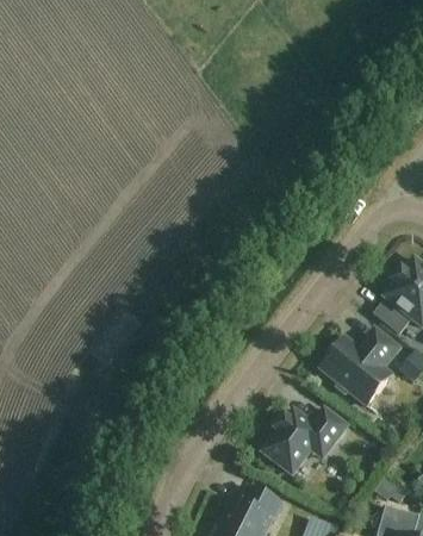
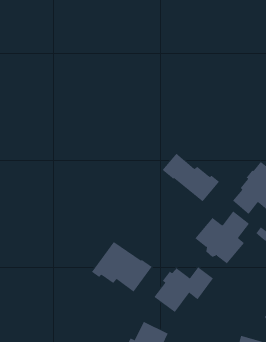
building: none -> [162,153,220,202]
building: none -> [91,241,152,292]

